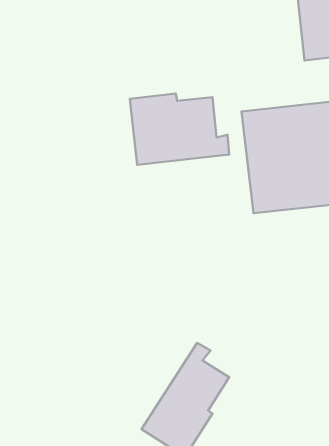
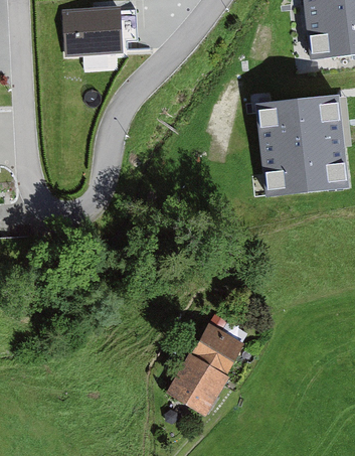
building: none -> [61,6,137,55]
building: [130,94,229,165] -> none

